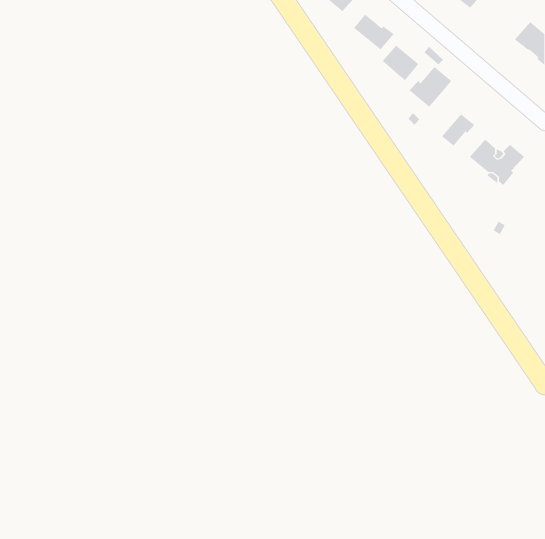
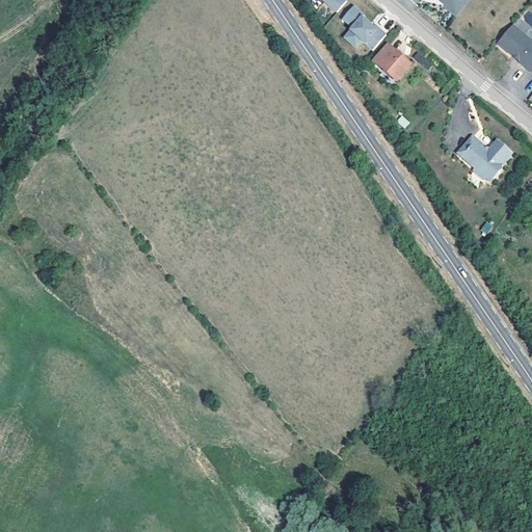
building: [409,66,452,107] -> none
building: [441,113,475,146] -> none

